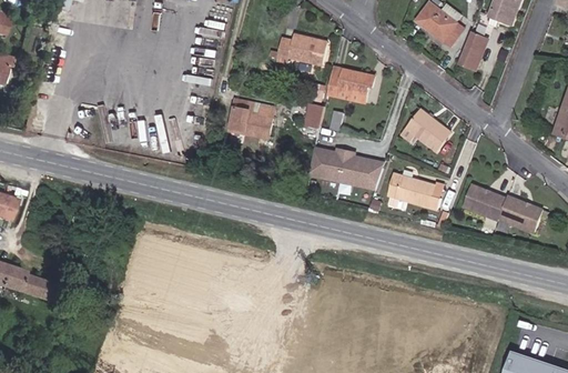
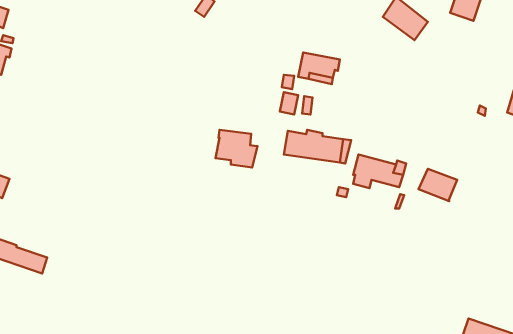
building: [460,32,491,73] -> none
building: [271,34,327,68] -> none
building: [229,101,274,142] -> [216,130,257,167]
building: [402,109,453,154] -> none
building: [489,198,532,234] -> none

